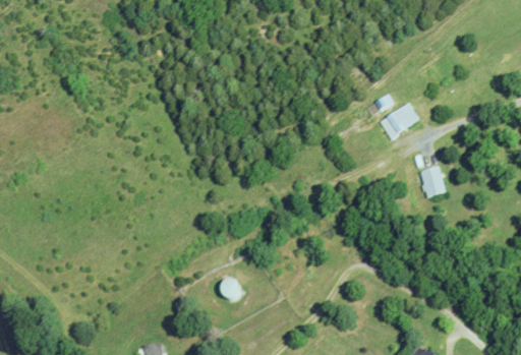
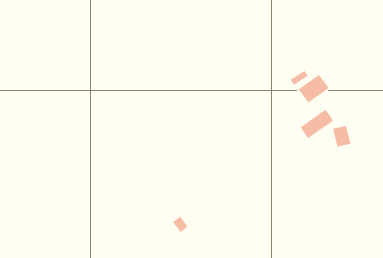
building: none -> [300,109,334,139]

